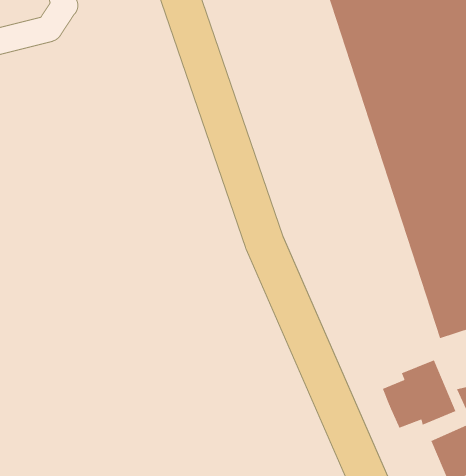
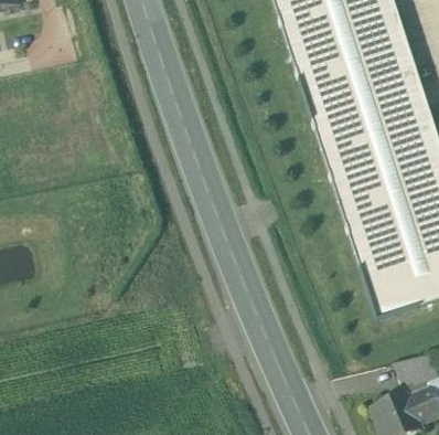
building: [382,360,456,429] -> none

